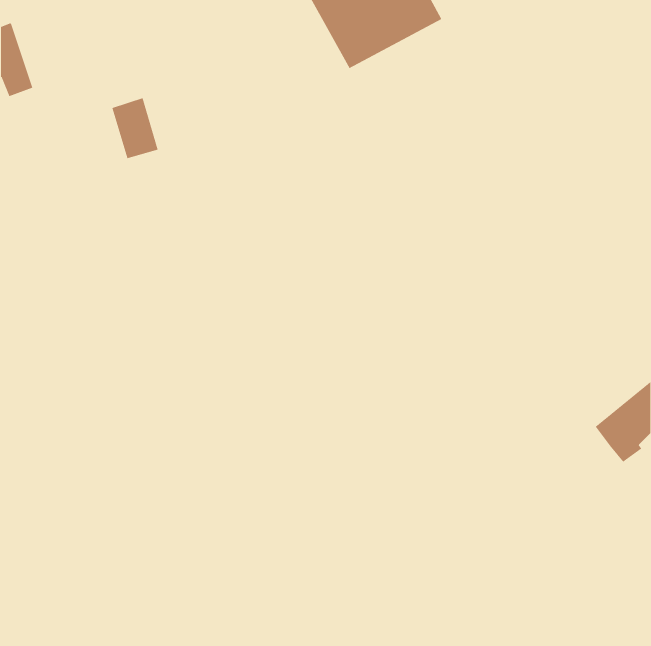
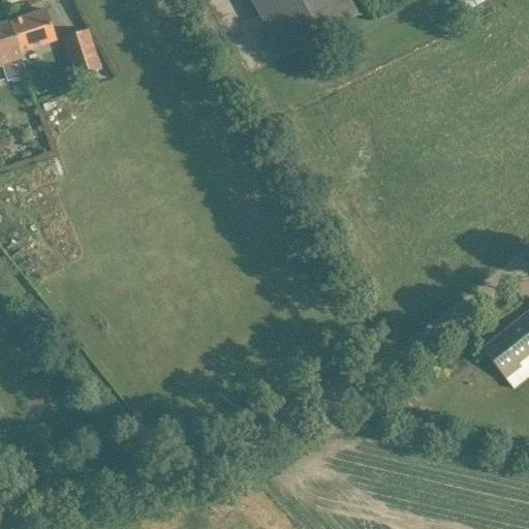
building: none -> [9,6,56,56]
building: [111,98,159,159] -> [63,25,101,74]

